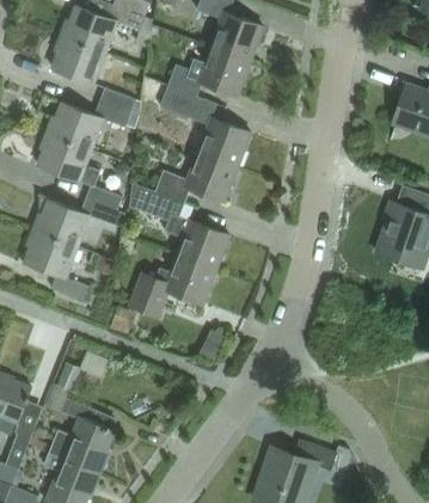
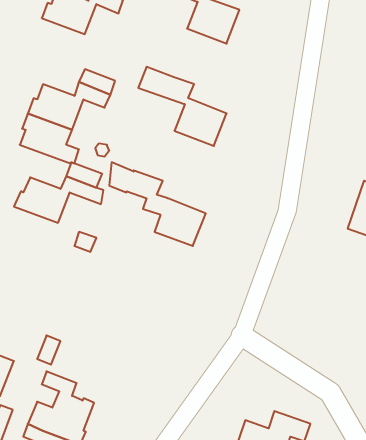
building: [53,36,105,85] -> none
building: [168,47,251,97] -> none
building: [155,152,238,203] -> none
building: [24,229,90,301] -> none
building: [130,256,216,317] -> none

